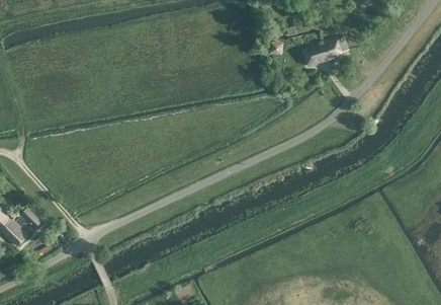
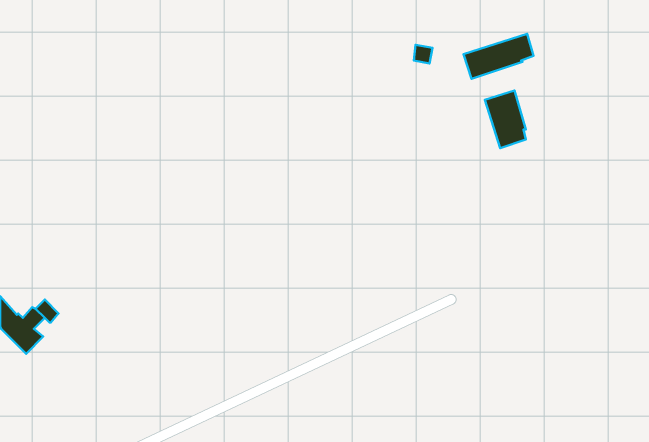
building: none -> [485,90,526,148]

